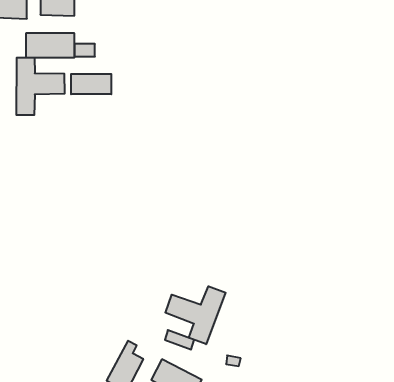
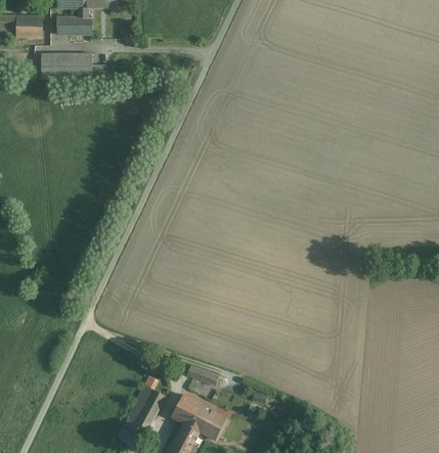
building: [16,58,65,115] -> none
building: [71,74,111,94] -> none
building: [165,286,226,344] -> none

